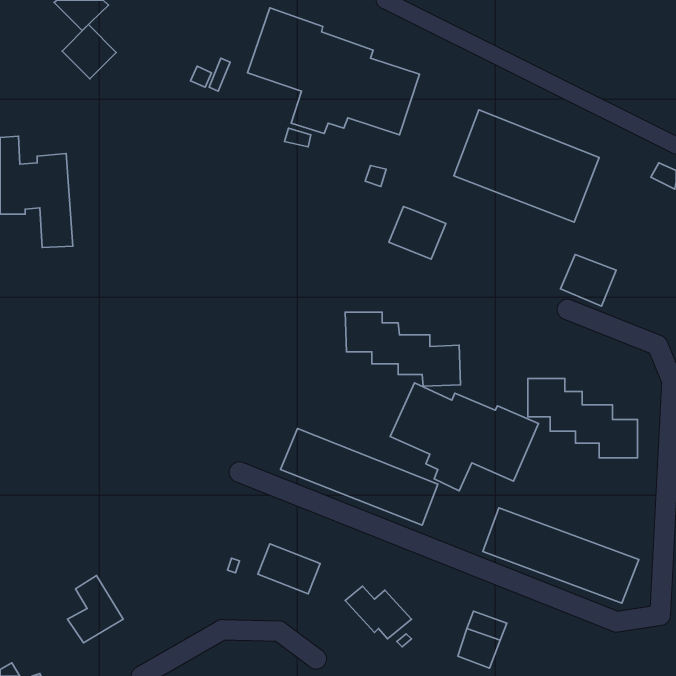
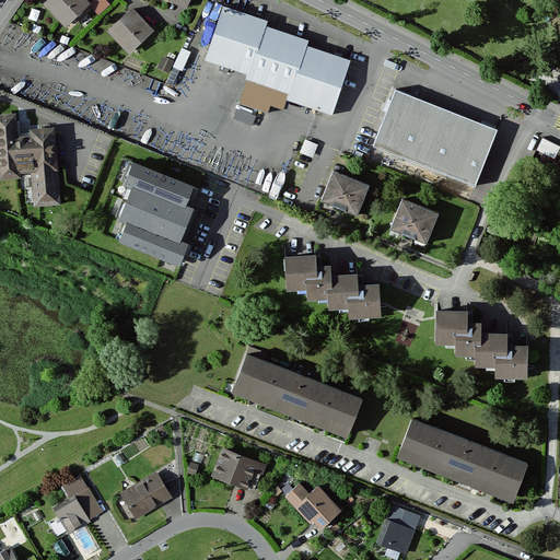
building: [62,25,116,79] -> [108,9,153,54]
building: none -> [119,161,194,265]
building: [561,254,616,306] -> [392,200,438,243]
building: [390,383,539,491] -> none
building: none -> [121,474,171,518]

